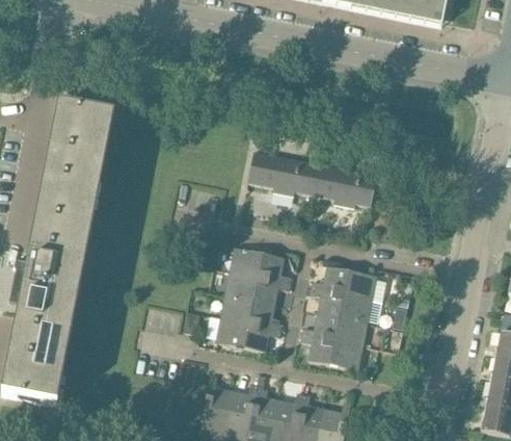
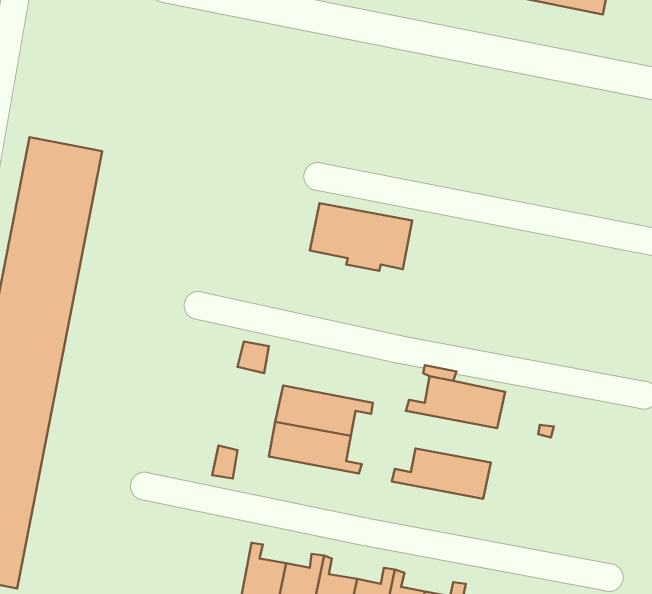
building: [310,161,377,207] -> none
building: [231,247,292,282] -> none
building: [311,287,382,321] -> none
building: [216,317,280,351] -> none
building: [301,334,362,368] -> none

